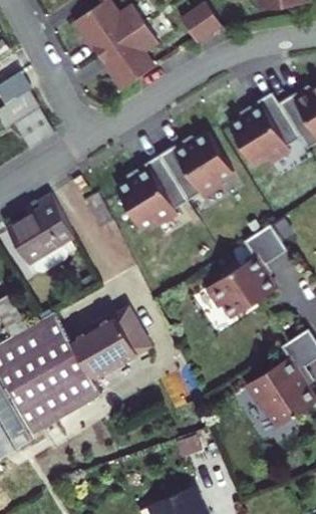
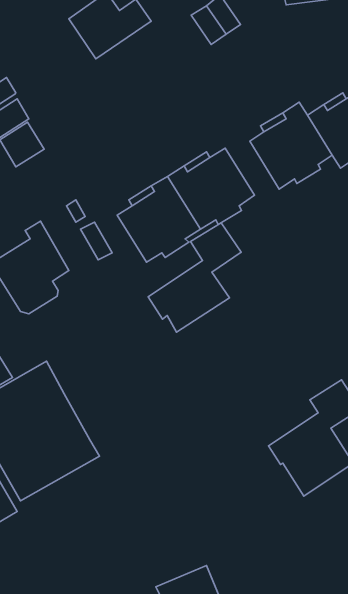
building: [97,23,157,89] -> none
building: [207,225,286,318] -> [148,223,241,332]
building: [70,308,150,380] -> none

